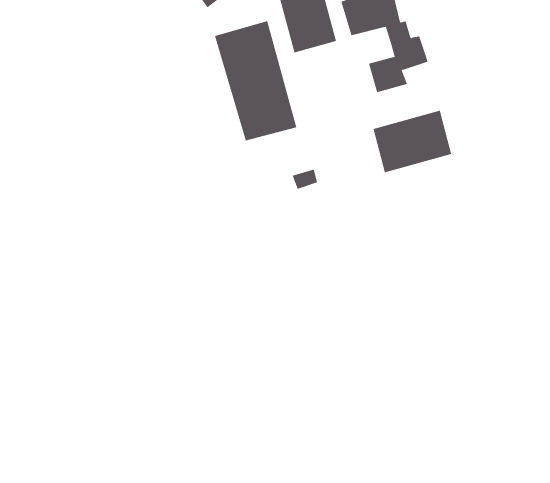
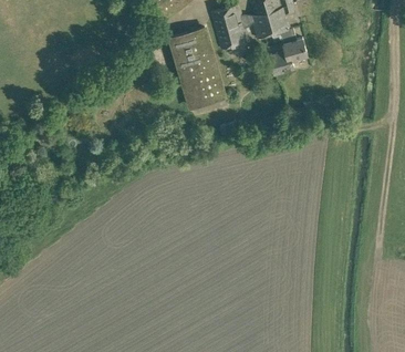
building: [373,110,452,173] -> none

